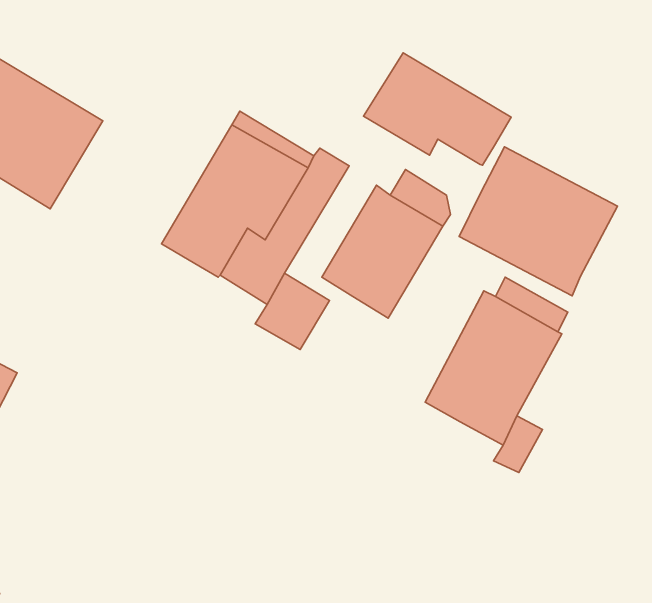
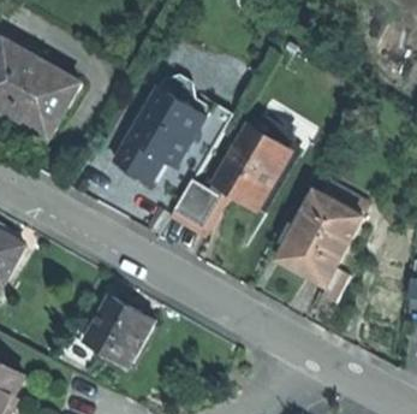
building: [364,53,511,165] -> none
building: [459,147,618,296] -> none
building: none -> [79,291,151,365]

